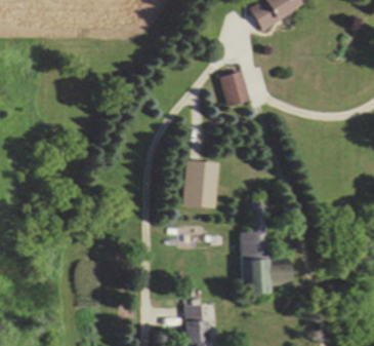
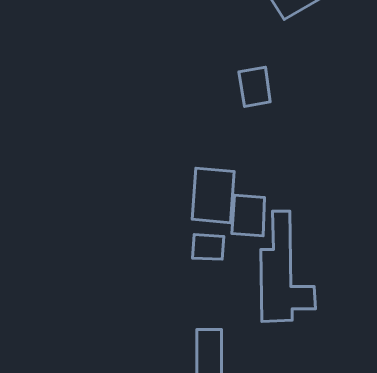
building: none -> [232,195,264,236]
building: none -> [192,234,224,259]

